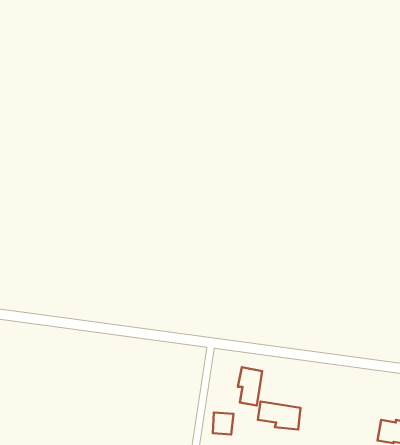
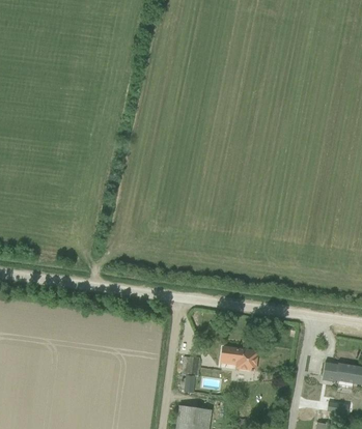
building: [238,367,262,405] -> none

